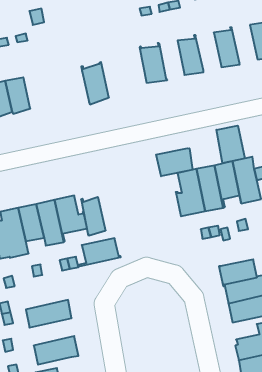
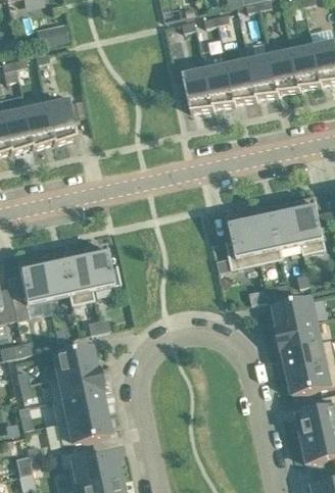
building: none -> [291,41,322,88]
building: none -> [248,50,279,97]
building: none -> [205,59,236,106]
building: [81,62,109,104] -> [43,94,76,144]
building: [216,126,245,163] -> none
building: [156,148,192,176] -> none
building: [81,197,105,236] -> none
building: [78,238,121,267] -> [47,346,97,380]
building: none -> [273,298,317,329]
building: none -> [51,390,104,423]

